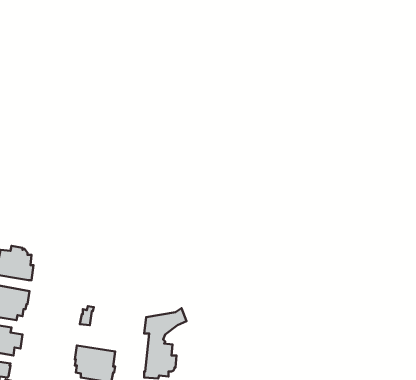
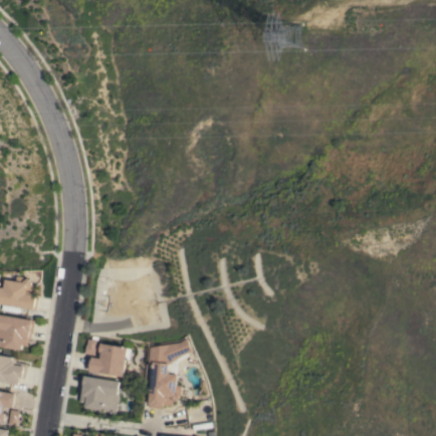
building: none -> [88,345,131,378]

